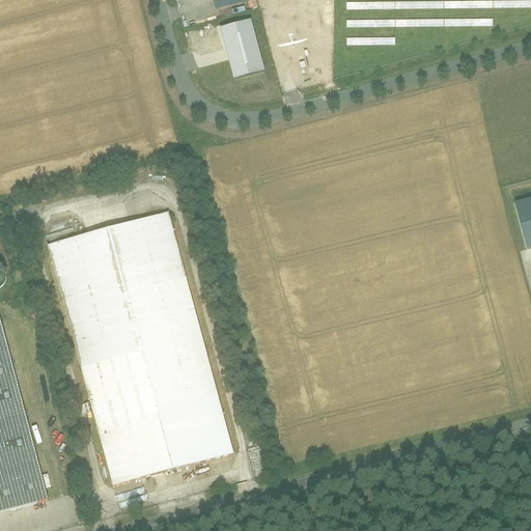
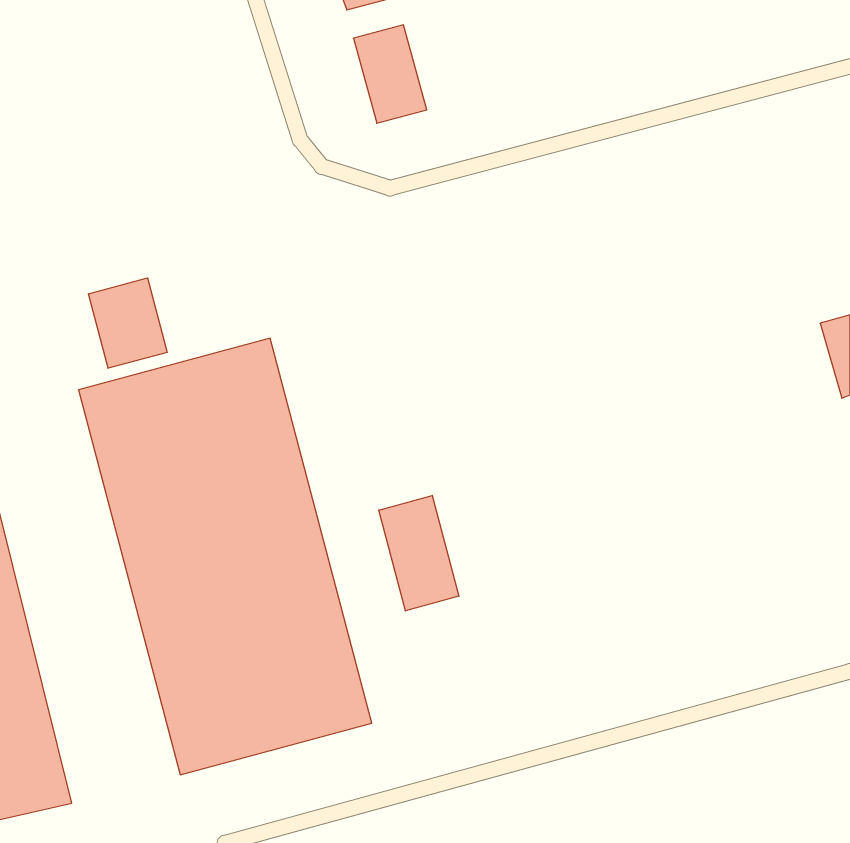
building: none -> [88,278,167,368]
building: none -> [379,495,459,611]

